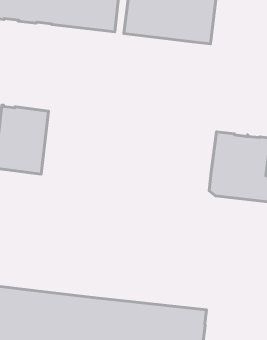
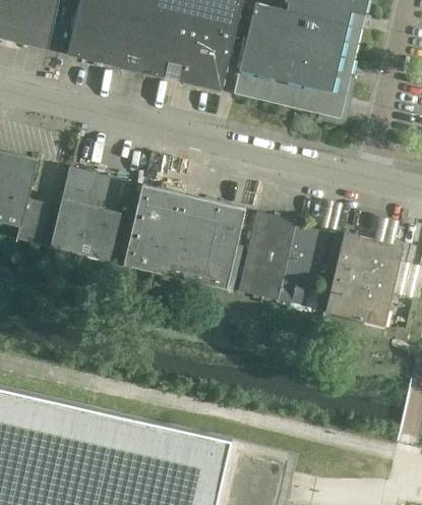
building: none -> [122,183,244,287]
building: none -> [237,211,322,302]

